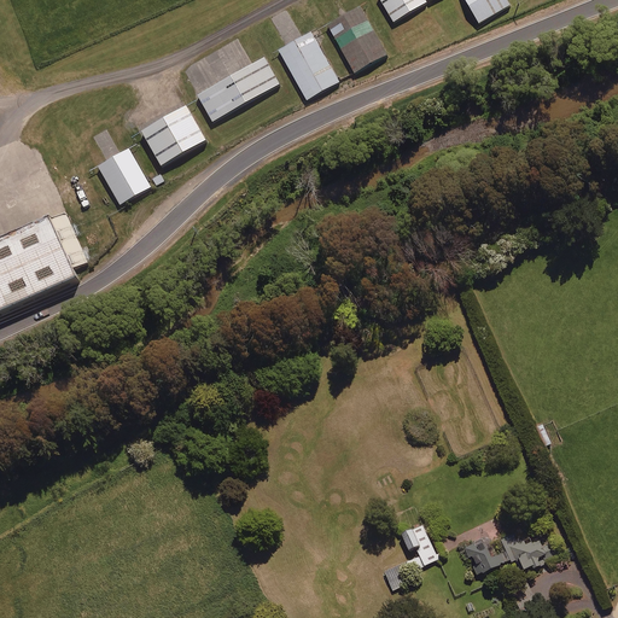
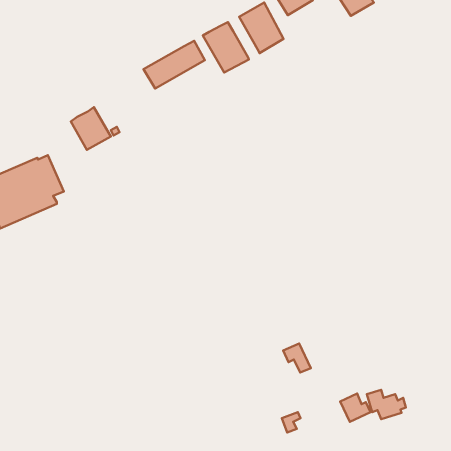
building: [140,104,206,165] -> none
building: [401,524,438,564] -> [283,343,311,373]

